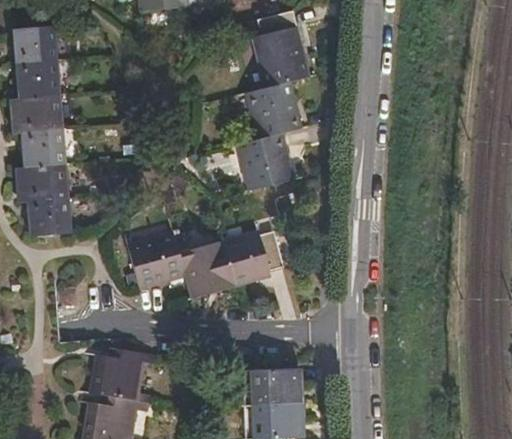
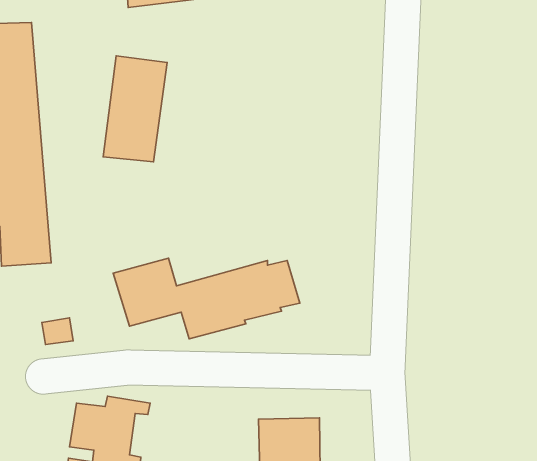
building: [239,11,312,190] -> none
building: none -> [103,56,167,162]

